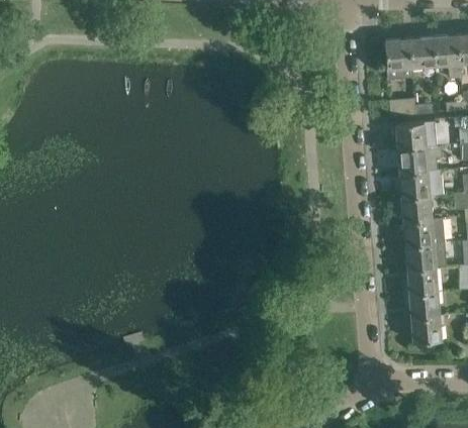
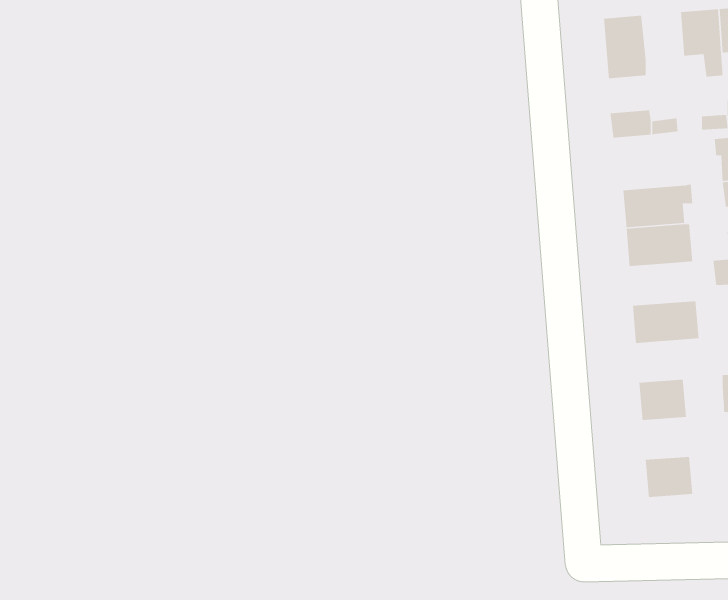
building: [409,36,436,67] -> none
building: [395,120,437,148] -> none
building: [401,195,432,221] -> none
building: [405,242,448,270] -> none
building: [409,292,440,318] -> none

